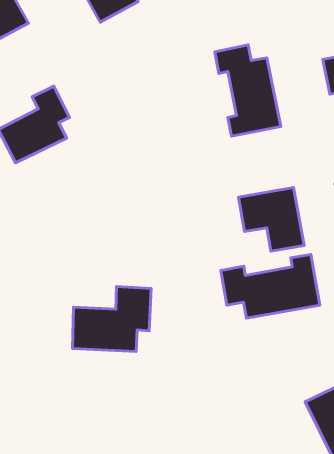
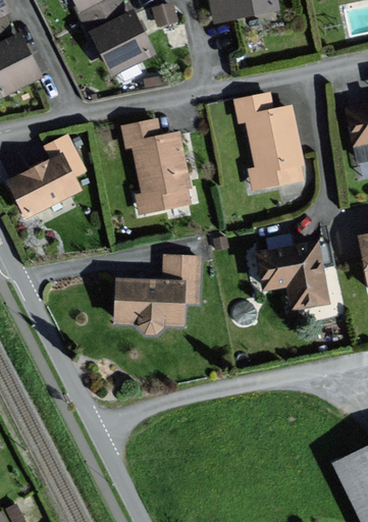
building: none -> [121,118,191,215]
building: [221,254,320,318] -> none
building: [72,287,151,351] -> [117,257,199,324]

